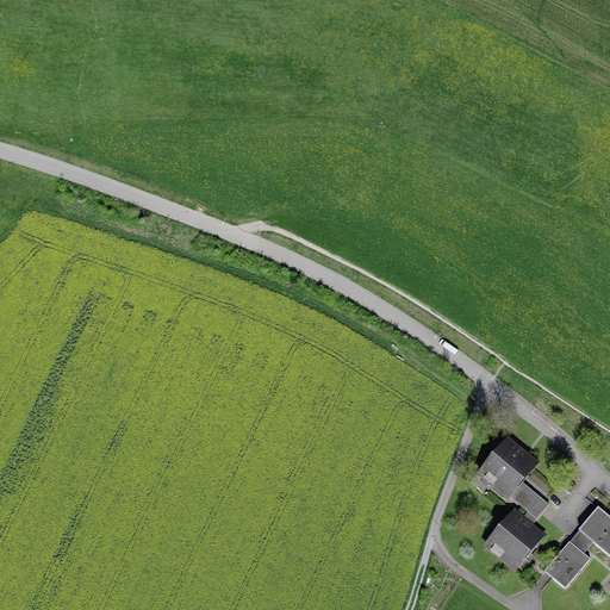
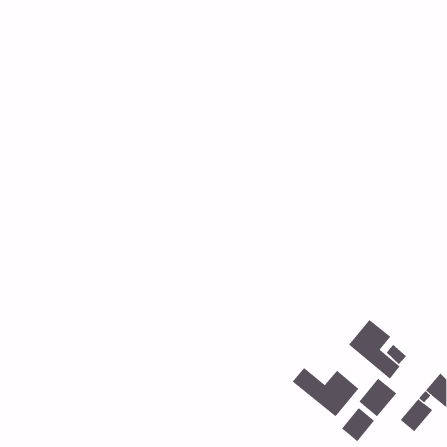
building: none -> [292,367,359,417]
building: none -> [341,407,375,442]

